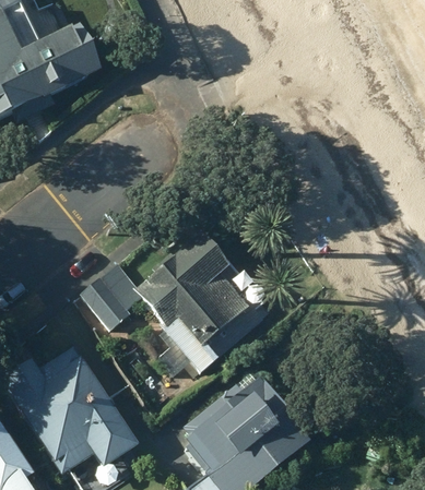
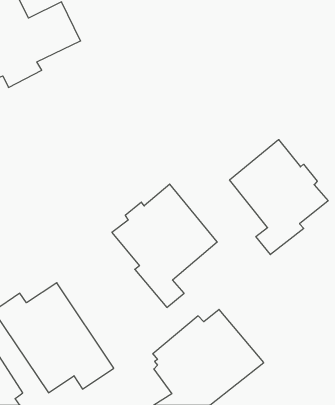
building: none -> [230,140,328,255]
building: [80,264,143,332] -> none

